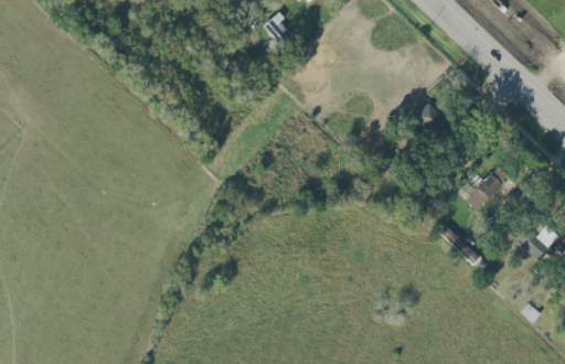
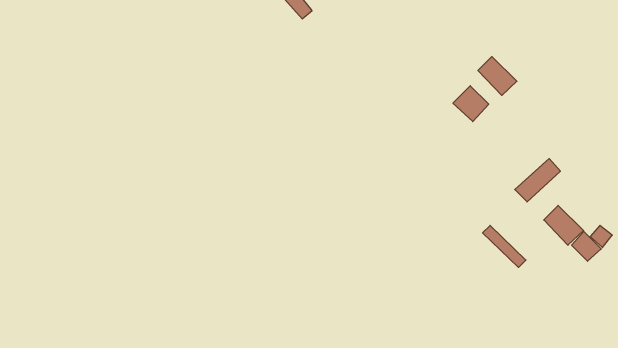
building: none -> [478,57,517,95]
building: none -> [544,205,584,245]

